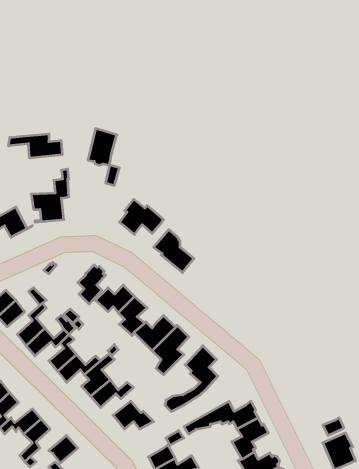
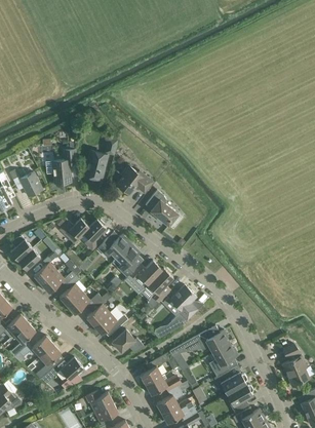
building: [88,129,117,165] -> [84,150,108,180]
building: [9,134,62,158] -> none
building: none -> [60,218,89,243]

